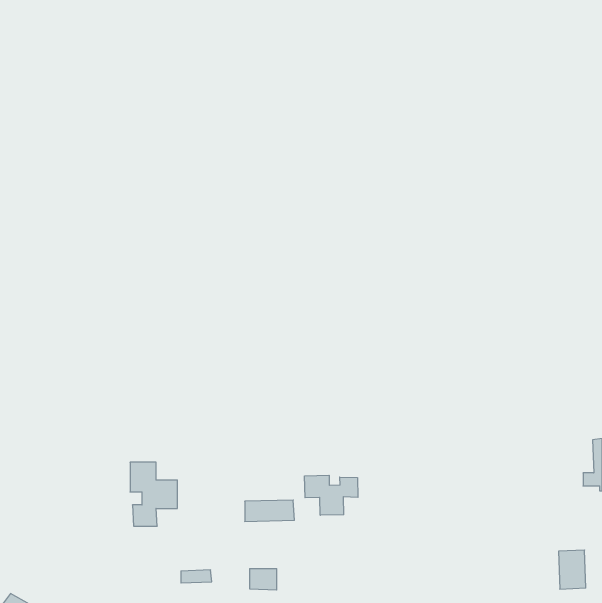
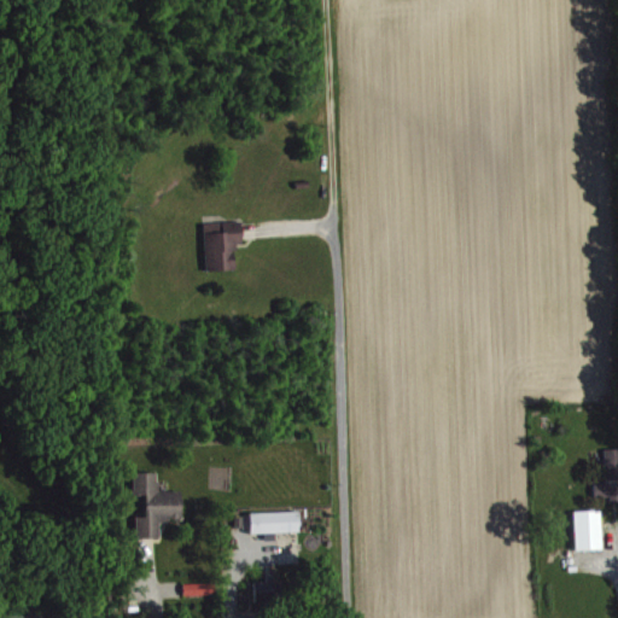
building: none -> [204,222,243,272]
building: [305,475,358,515] -> none
building: [559,550,586,589] -> [575,511,602,550]

